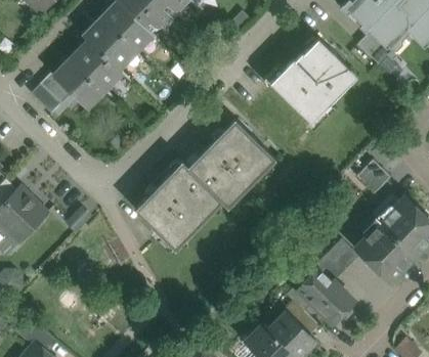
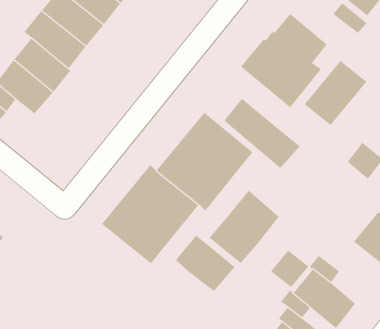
building: none -> [304,60,367,126]
building: none -> [223,98,300,169]
building: none -> [210,190,280,264]
building: none -> [175,235,235,292]
building: [325,238,359,272] -> [270,250,309,288]

